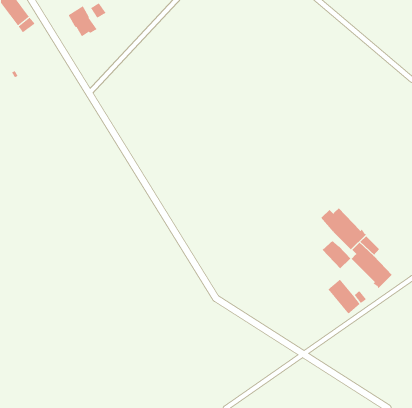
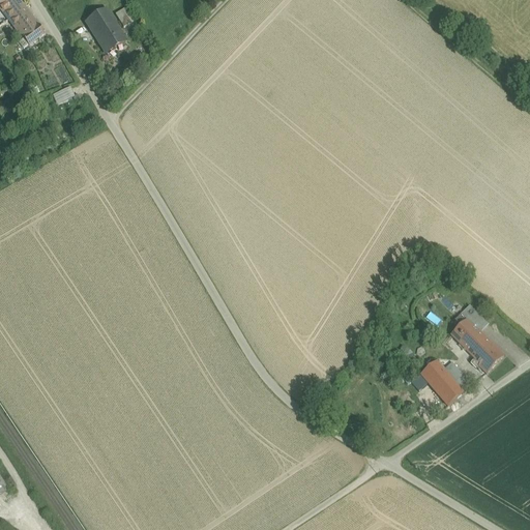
building: [320,208,367,250] -> none
building: [322,240,351,269] -> none

